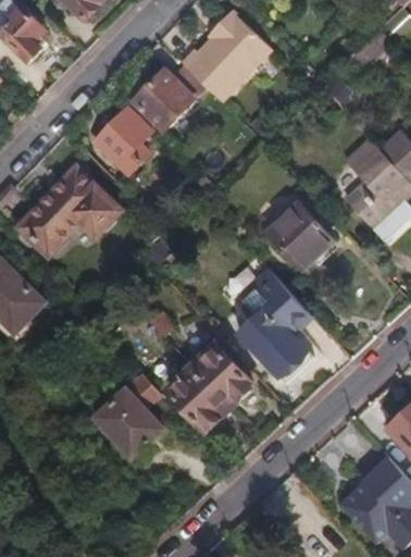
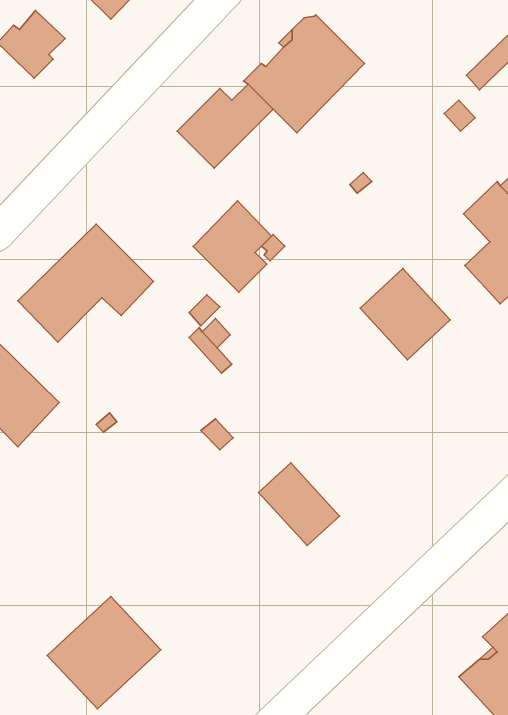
building: [94,108,151,175] -> [193,201,271,292]
building: [227,271,313,395] -> none
building: [169,368,228,429] -> none
building: [96,374,179,457] -> [47,597,161,709]

